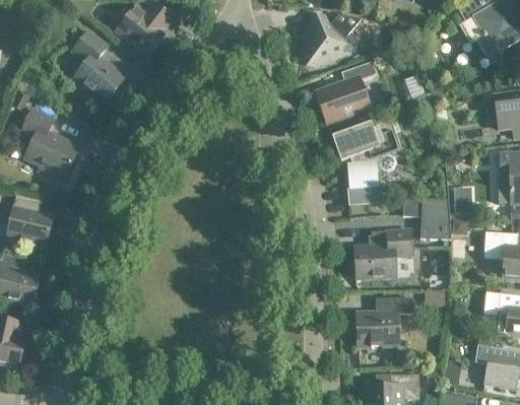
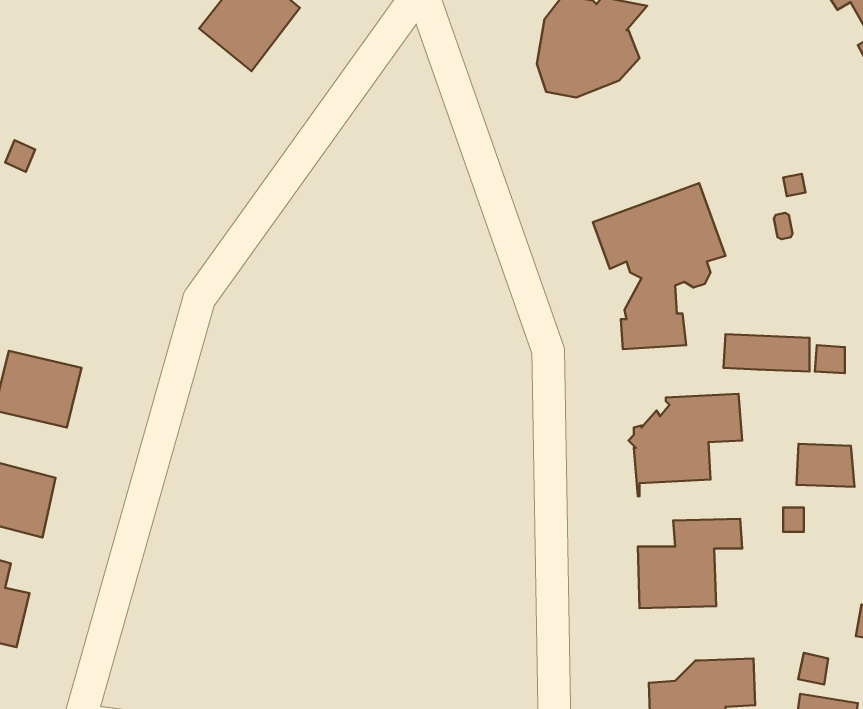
building: [71,29,125,107] -> none
building: [313,60,376,125] -> none
building: [19,108,79,181] -> none
building: [419,215,451,239] -> [797,444,854,487]

